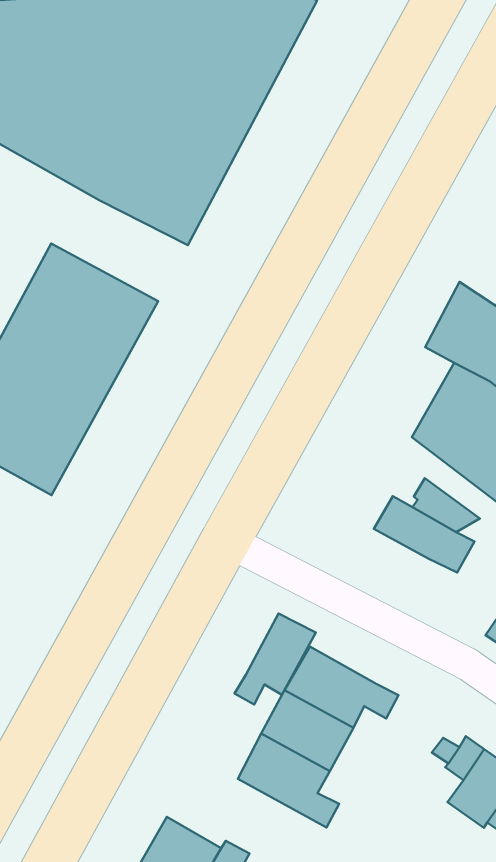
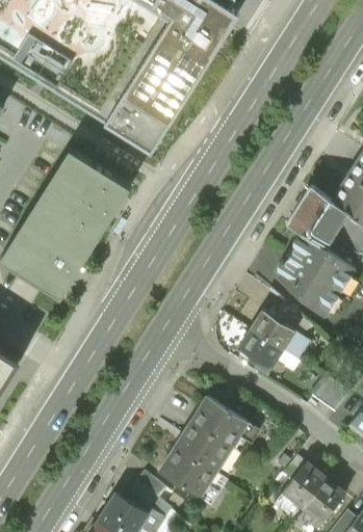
building: none -> [238,328,281,372]
building: [235,613,316,705] -> none
building: none -> [127,470,164,508]

